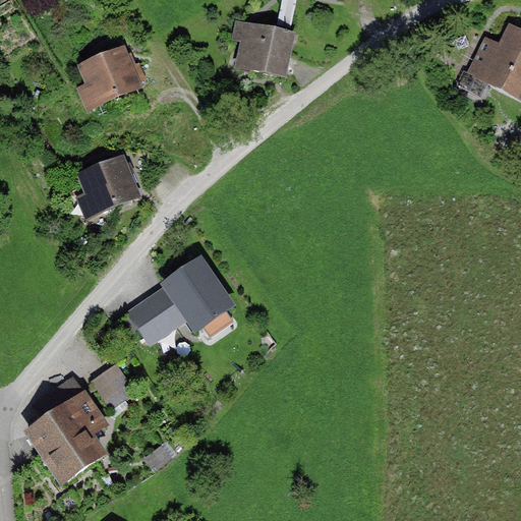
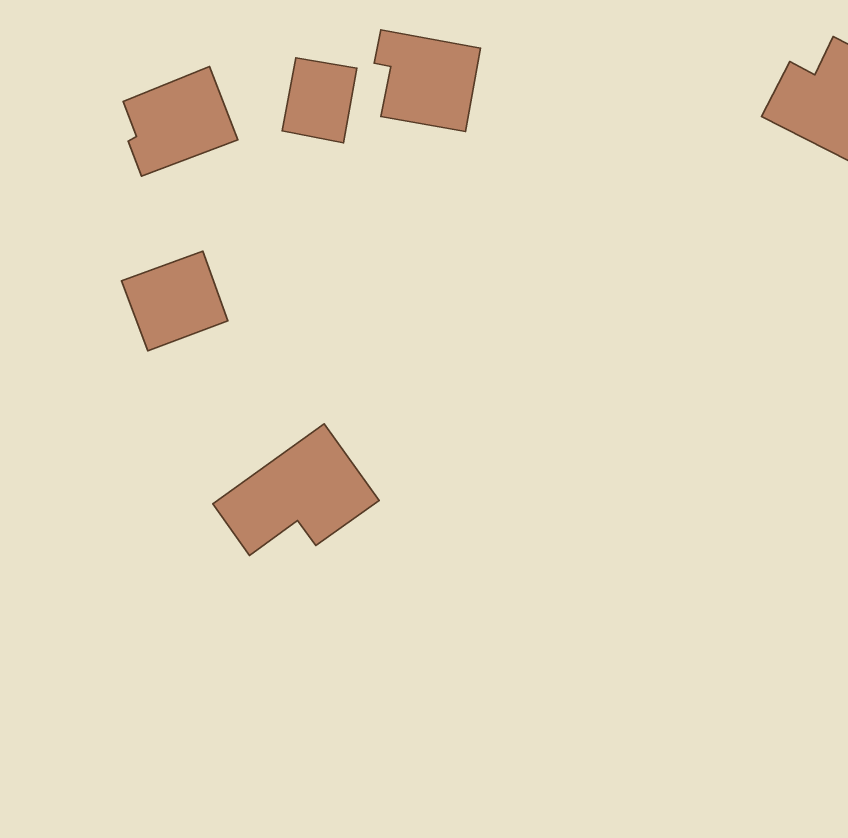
building: none -> [282,58,357,143]
building: [95,362,139,411] -> none
building: [19,387,109,485] -> none

